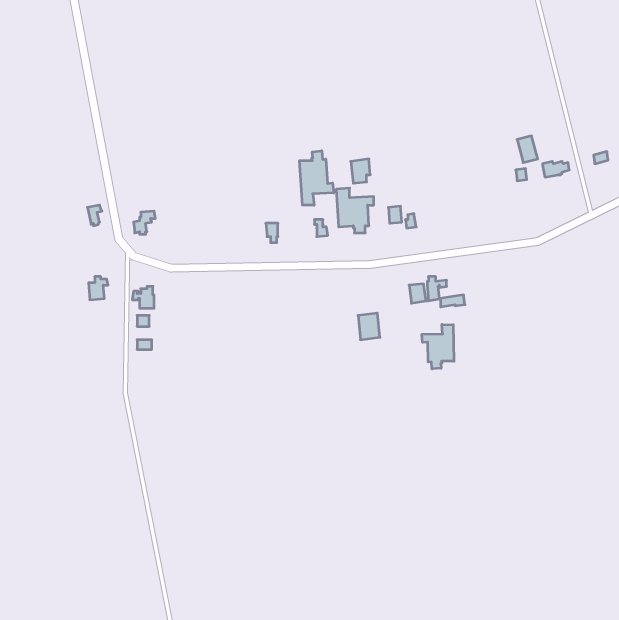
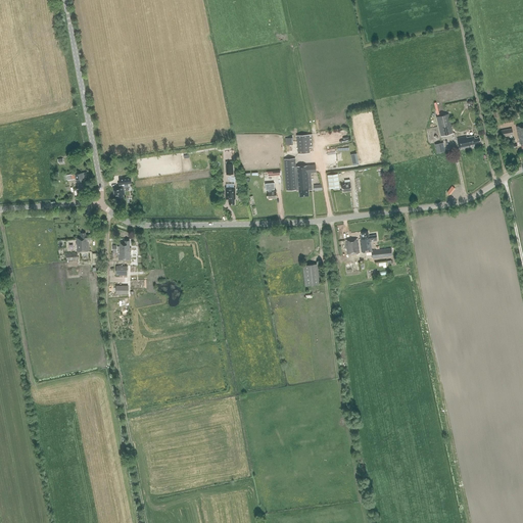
building: [300,151,334,205] -> none
building: [422,324,454,369] -> none

